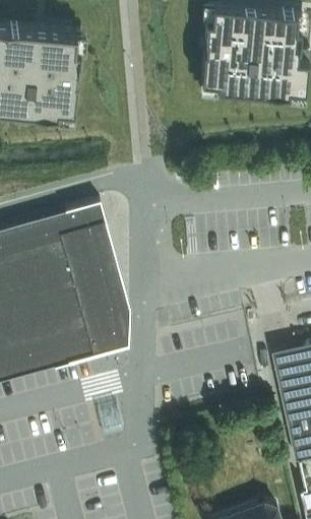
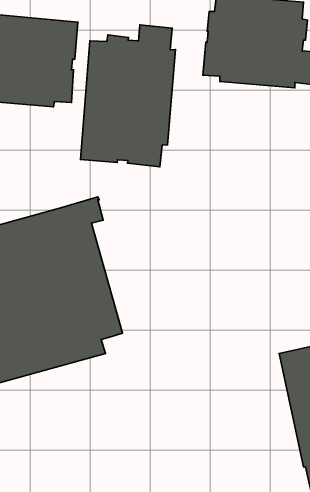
building: none -> [80,25,175,167]

